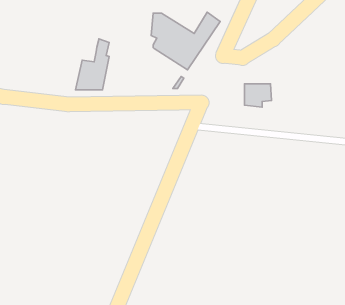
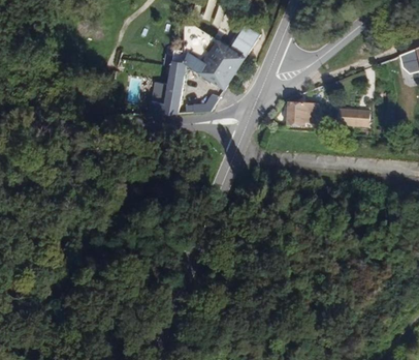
building: [76,39,109,90] -> [147,57,184,114]
building: none -> [336,107,363,123]

